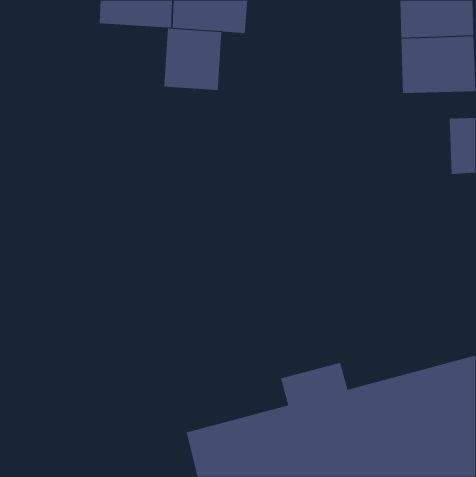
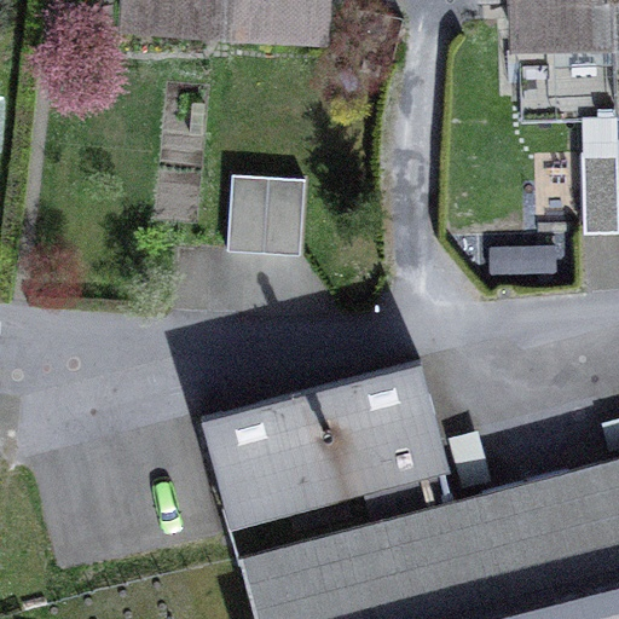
building: [163,28,222,91] -> [227,175,303,256]
building: none -> [204,363,446,523]

